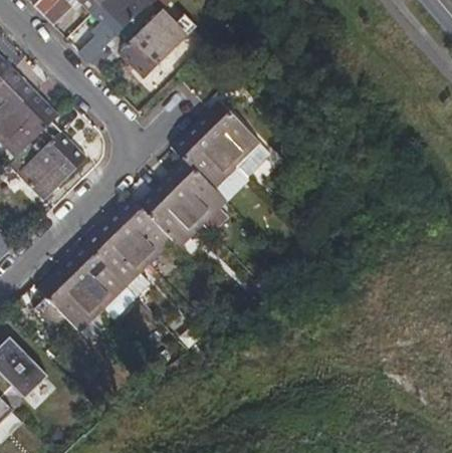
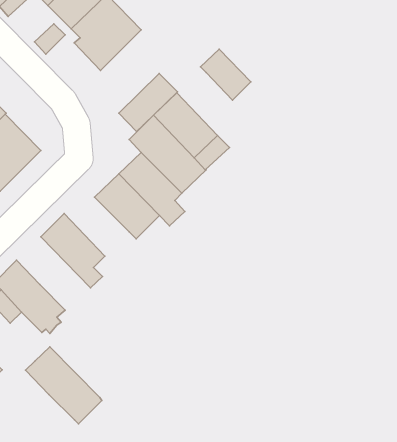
building: none -> [201,49,251,100]
building: none -> [119,74,178,131]
building: [110,197,175,262] -> none
building: [63,243,139,319] -> [26,347,102,424]

